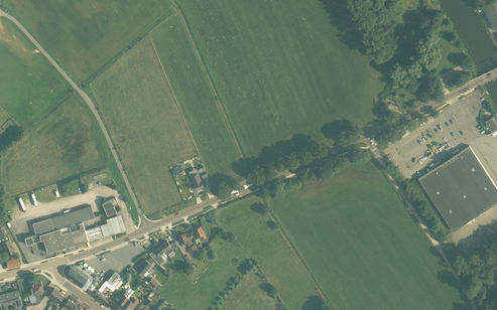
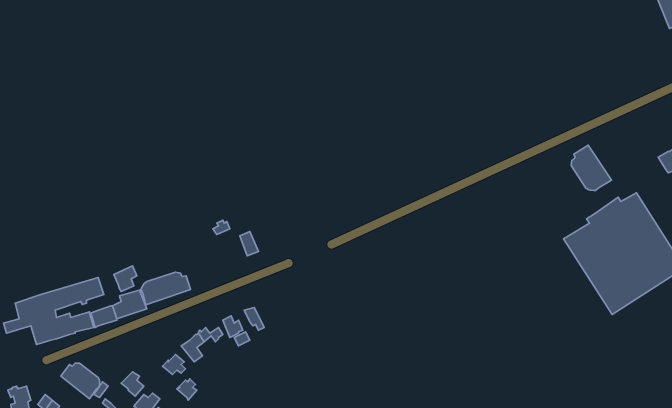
building: none -> [571,145,611,191]
building: none -> [141,272,190,305]

